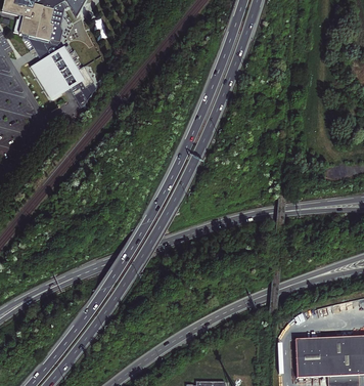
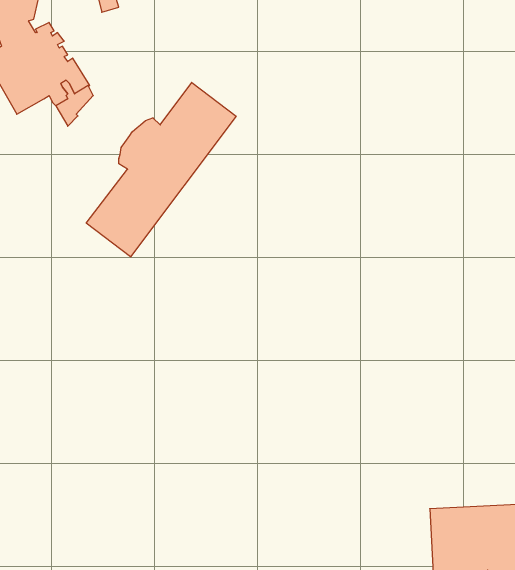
building: none -> [86,82,236,257]

